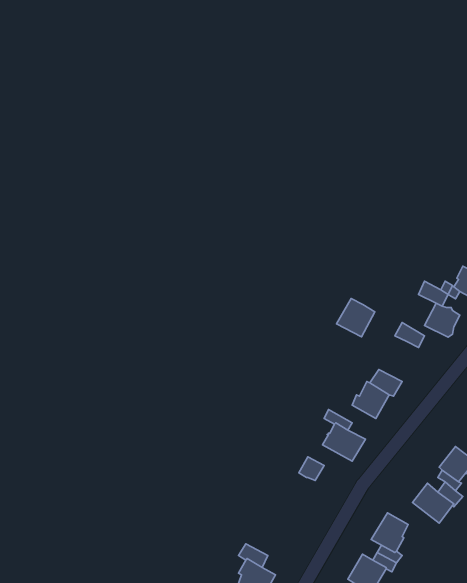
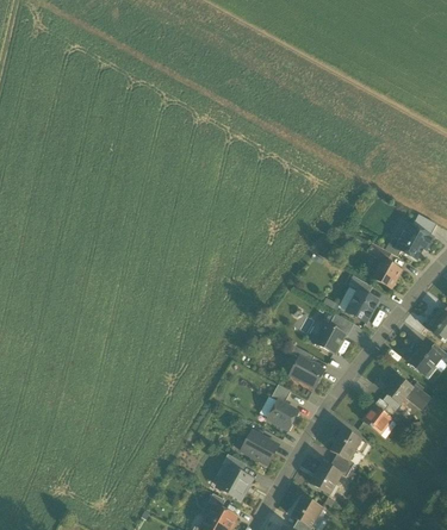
building: [336,299,375,337] -> [346,291,377,322]
building: none -> [267,400,298,430]
building: none -> [241,430,279,464]

